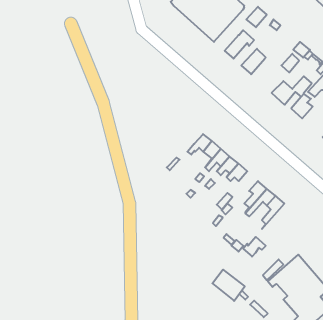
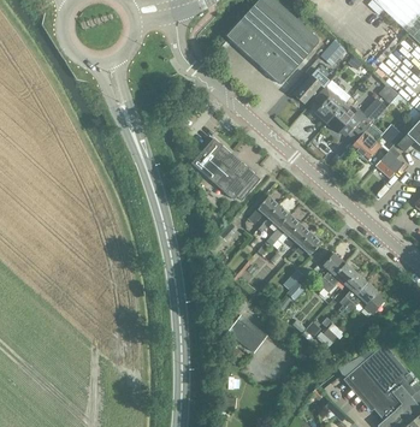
building: none -> [326,103,359,136]
building: none -> [191,137,261,200]
building: none -> [339,281,384,316]
building: [212,270,245,301] -> [227,314,267,352]

